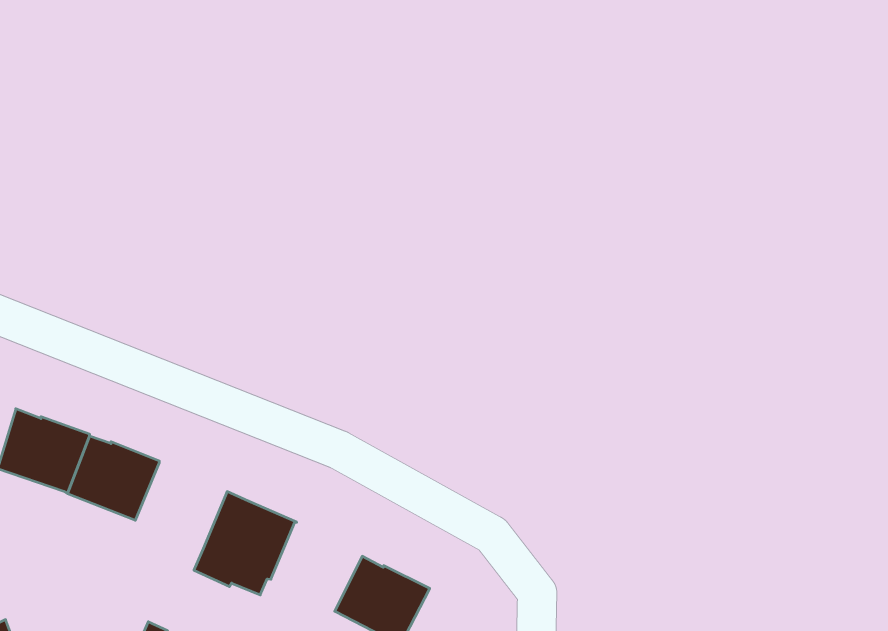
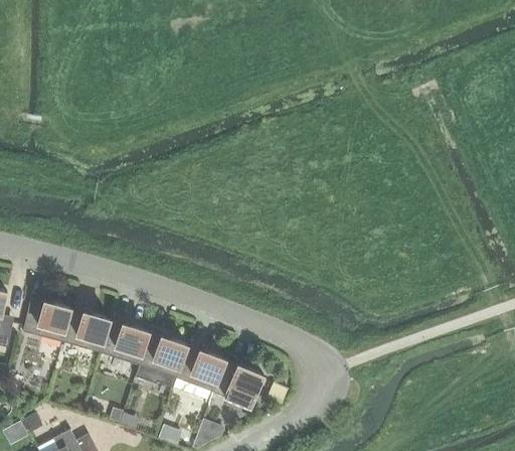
building: none -> [101,320,149,364]
building: none -> [177,345,225,392]

